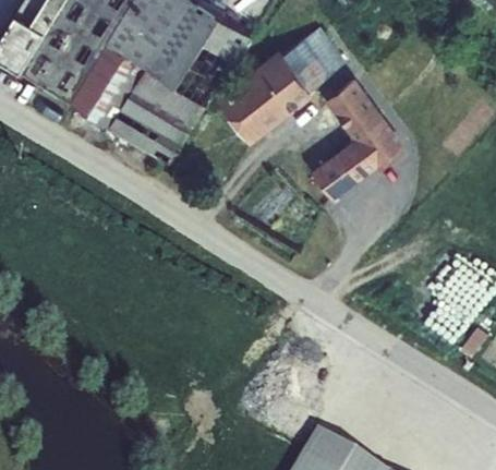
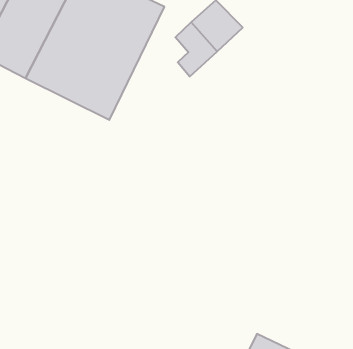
building: [220,70,273,137] -> none
building: [314,85,398,196] -> none

